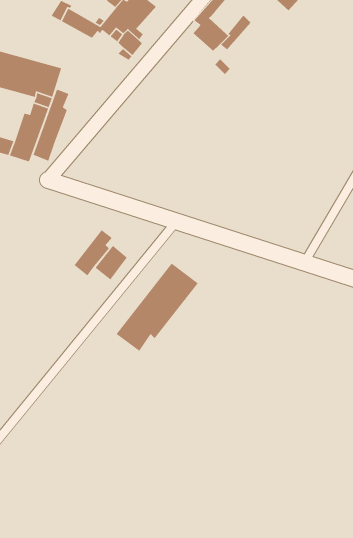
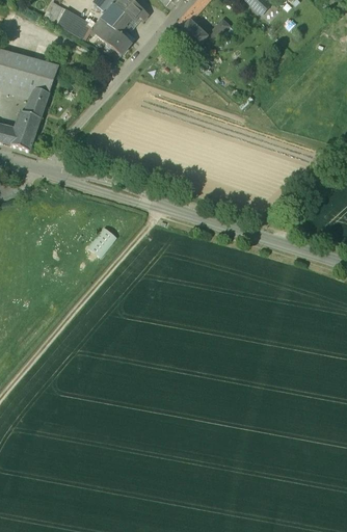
building: [32,89,69,162] -> none
building: [73,229,113,277] -> none
building: [115,263,199,352] -> none

